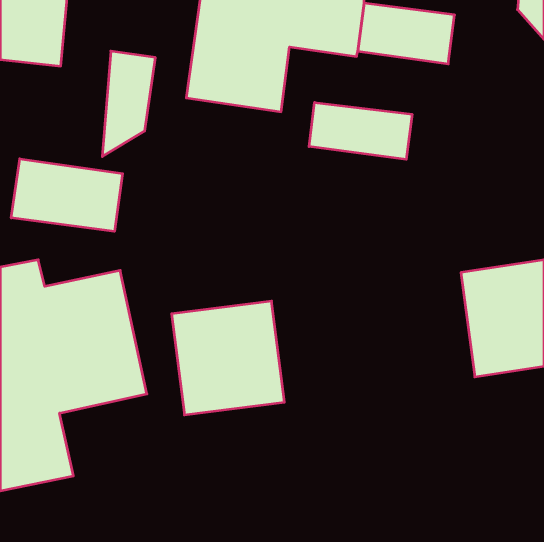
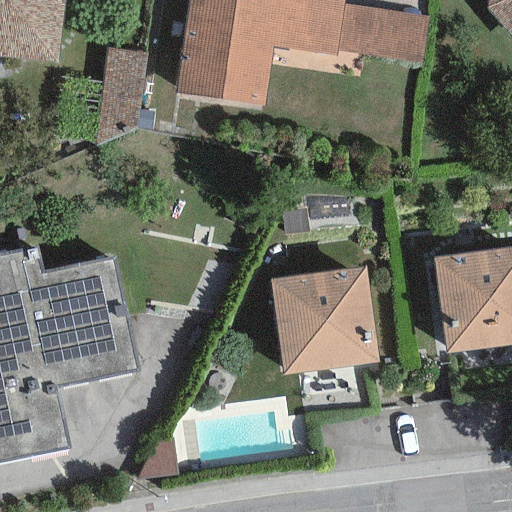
building: [309,102,412,159] -> none
building: [11,159,123,231] -> none
building: [172,301,284,415] -> [270,267,376,374]

